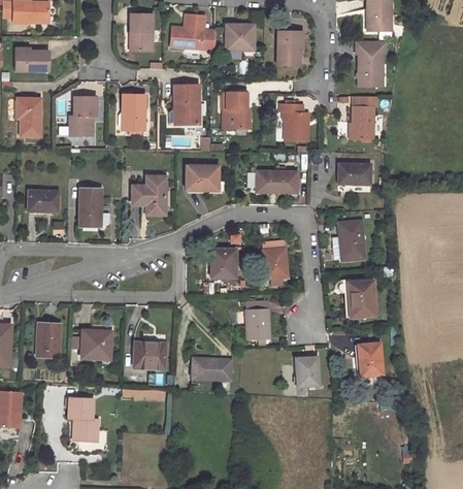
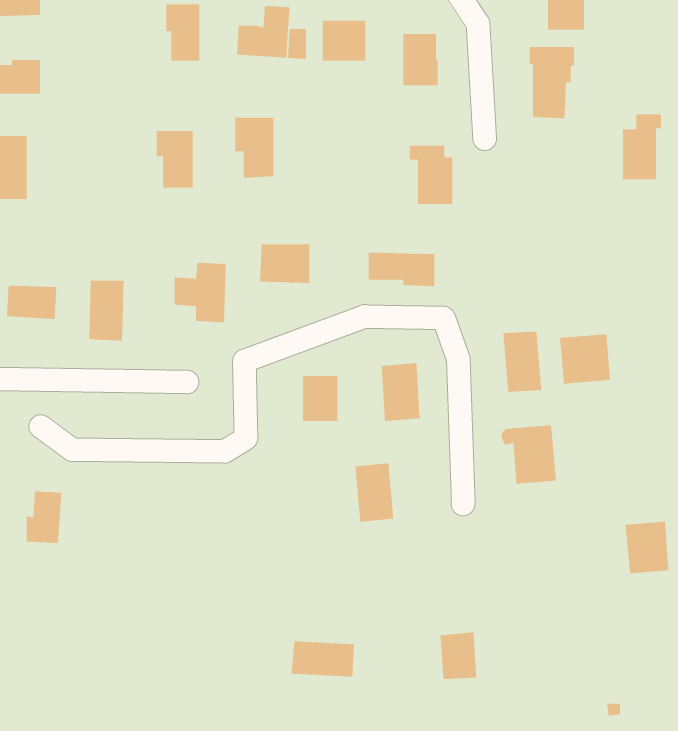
building: [225,93,252,128] -> none
building: [354,97,378,138] -> [622,114,662,180]
building: [70,98,96,137] -> none
building: [340,162,372,182] -> none
building: none -> [560,333,611,384]
building: [84,327,113,356] -> none
building: [135,343,166,368] -> none
building: [359,345,387,378] -> [625,521,669,574]
building: [295,355,319,385] -> [440,632,477,679]
building: [192,357,232,380] -> [291,641,355,677]
building: [67,397,99,442] -> none

